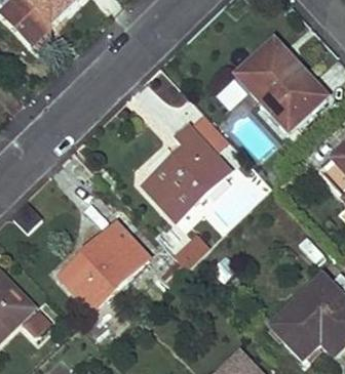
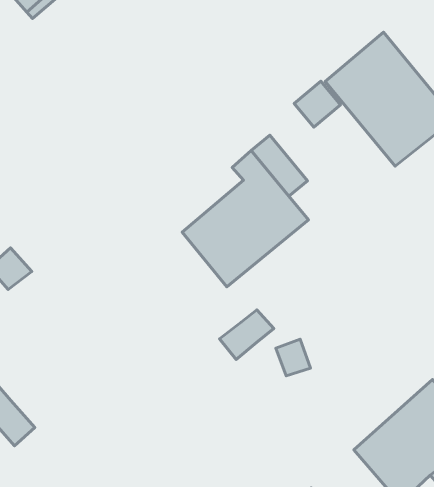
building: [60,220,149,308] -> none

